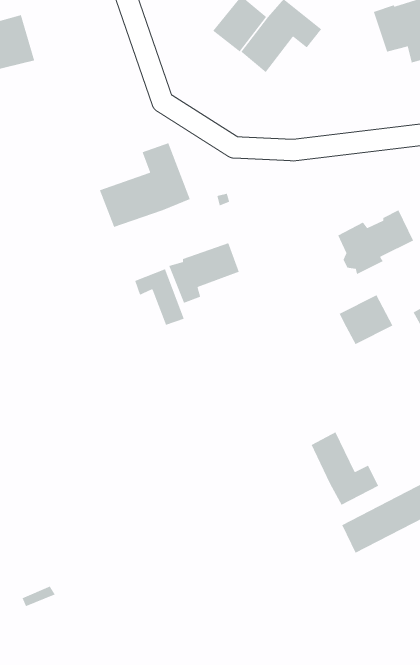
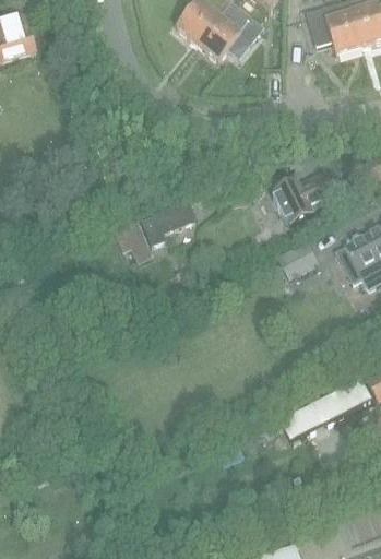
building: [99,142,191,228] -> none
building: [310,431,379,506] -> none

